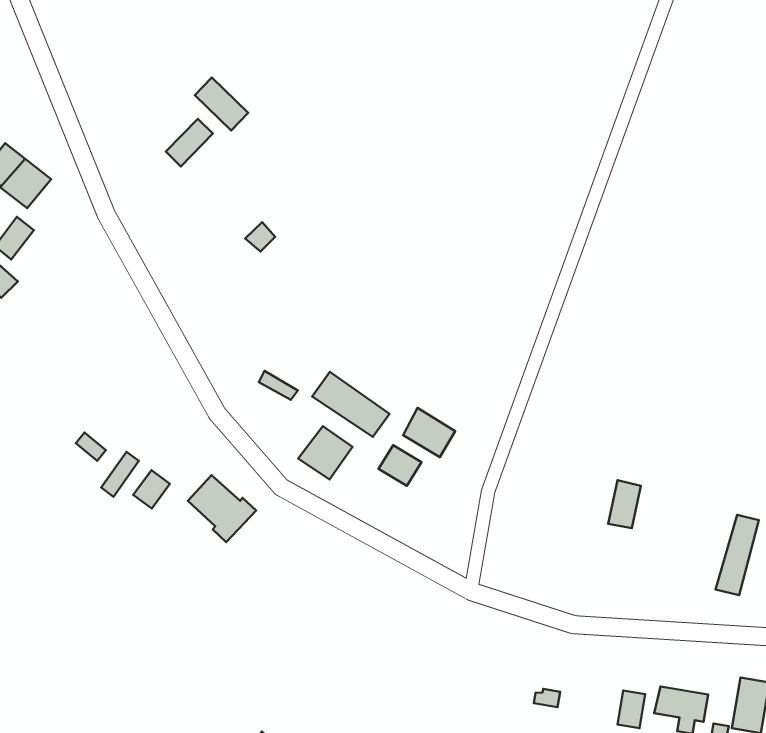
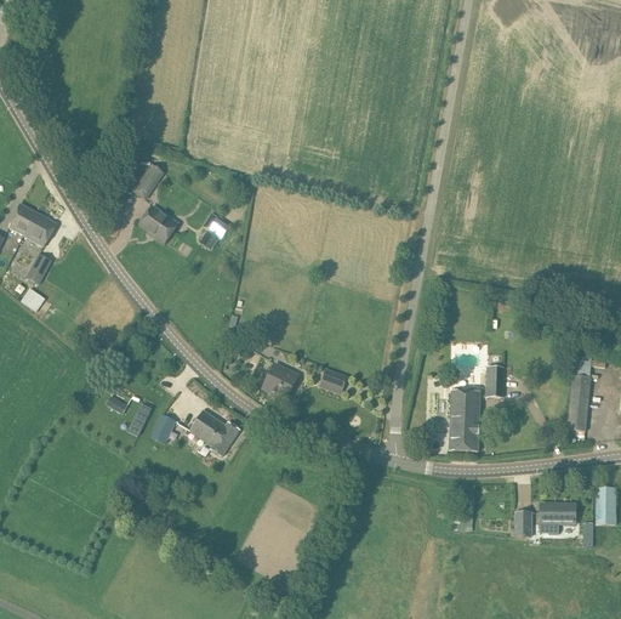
building: [195,78,248,130] -> none
building: none -> [138,204,178,243]
building: [312,372,389,437] -> none
building: [403,408,455,457] -> none
building: none -> [449,390,480,450]

